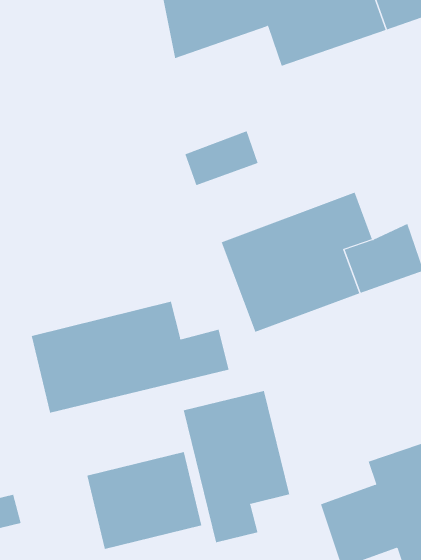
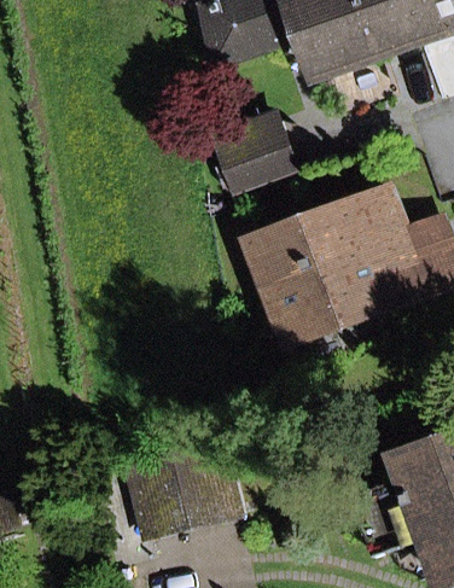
building: [31,301,229,414] -> none
building: [183,390,290,543] -> none

